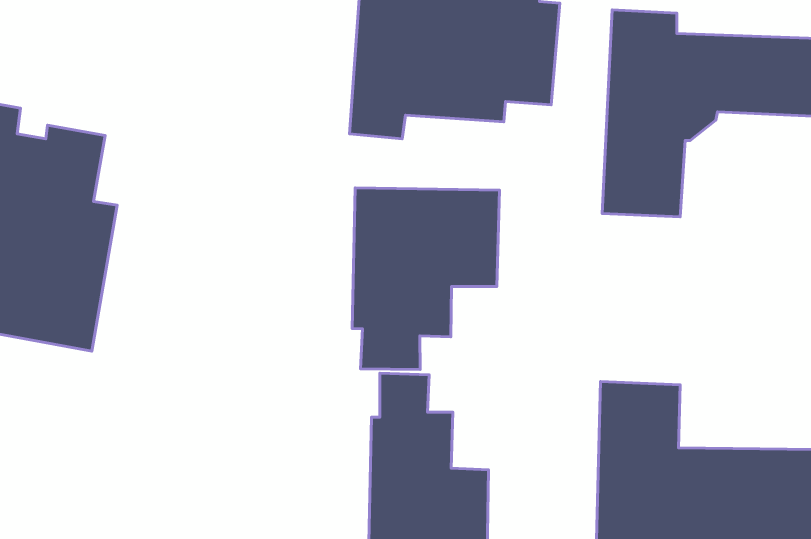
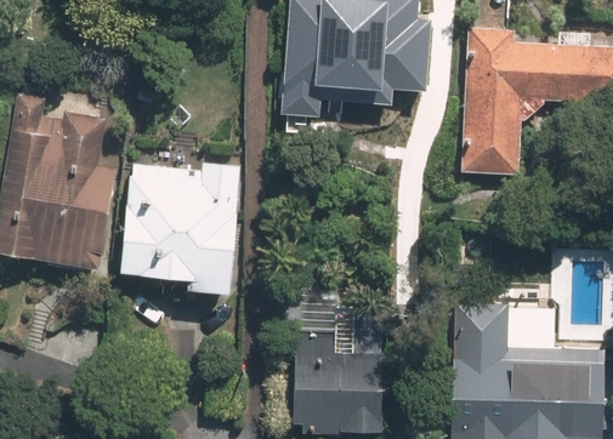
building: [352,188,500,369] -> none
building: none -> [118,161,242,297]

